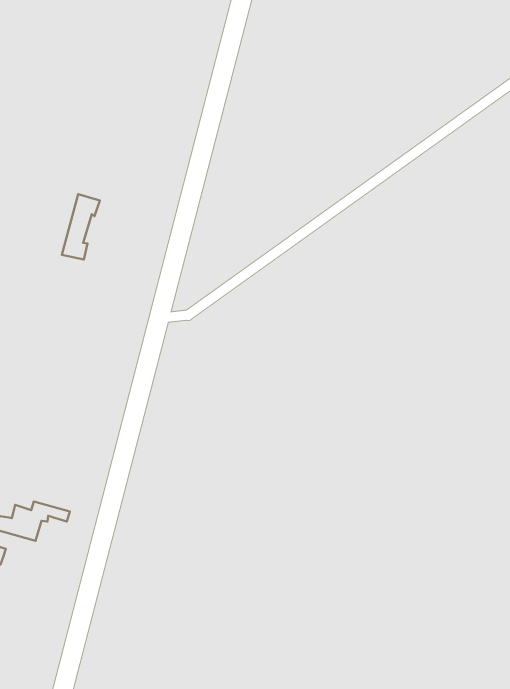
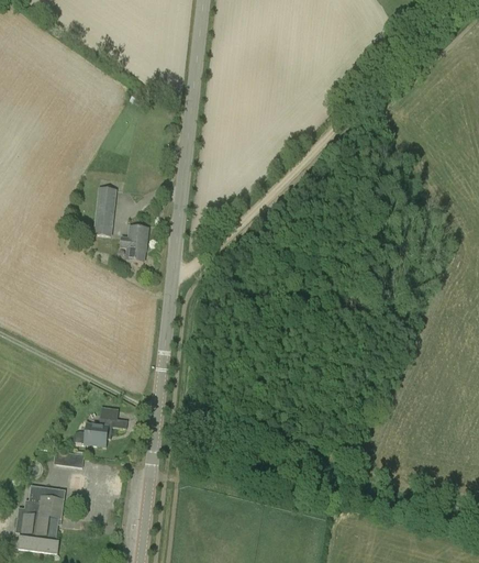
building: none -> [121,225,148,262]

